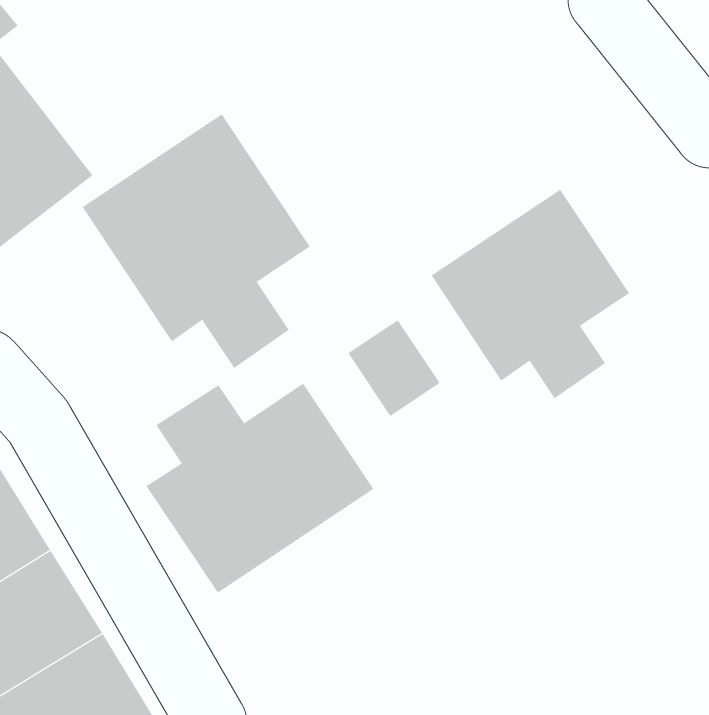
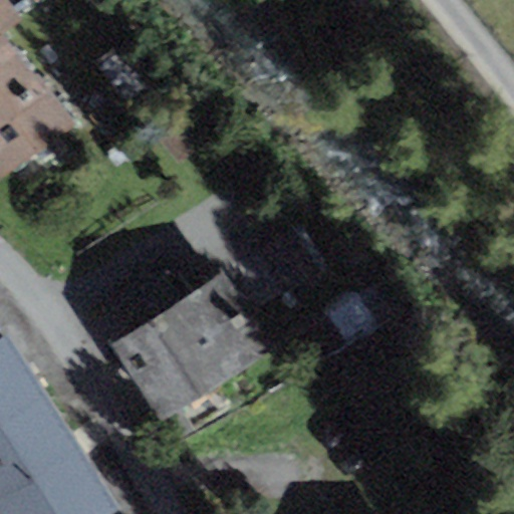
building: [82,114,311,369] -> none
building: [431,189,630,399] -> none

